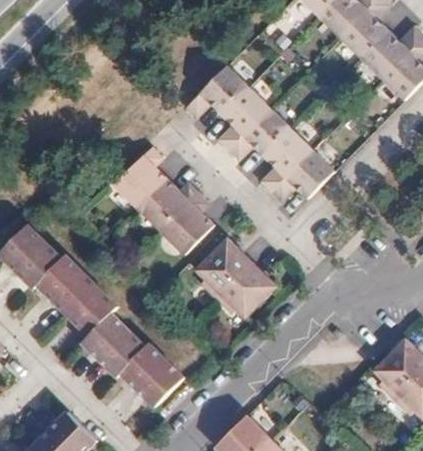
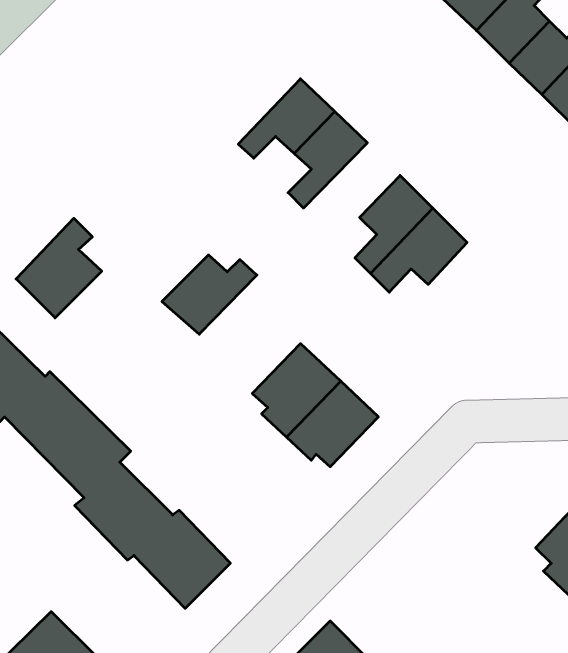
building: [229,107,291,159] -> none
building: [112,145,167,209] -> [16,218,102,318]
building: [161,192,214,254] -> none

